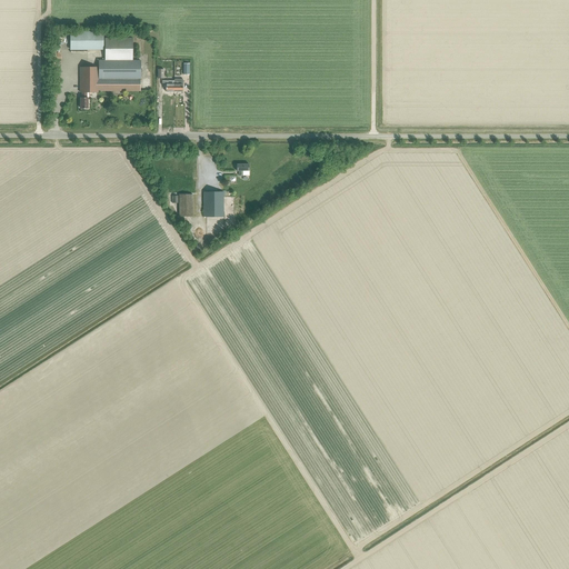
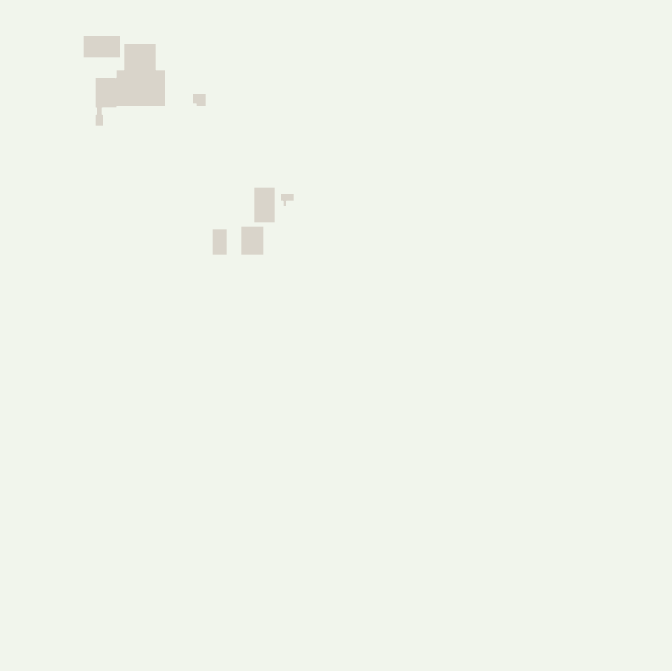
building: none -> [254,187,275,223]

